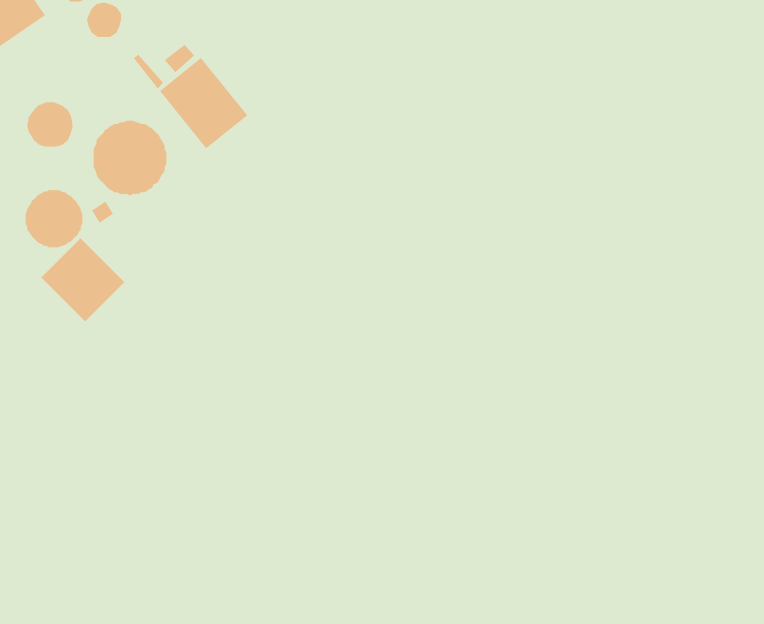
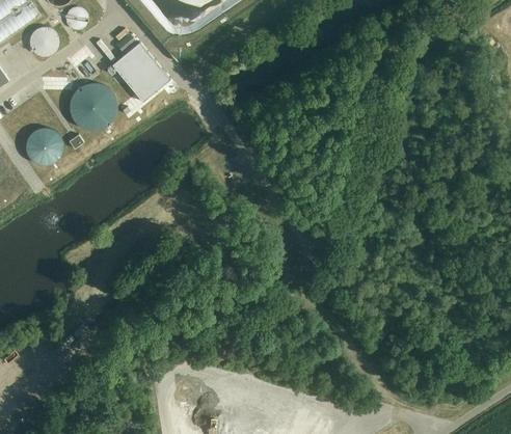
building: [27,102,73,147] -> [28,27,58,56]
building: [40,237,125,322] -> none

